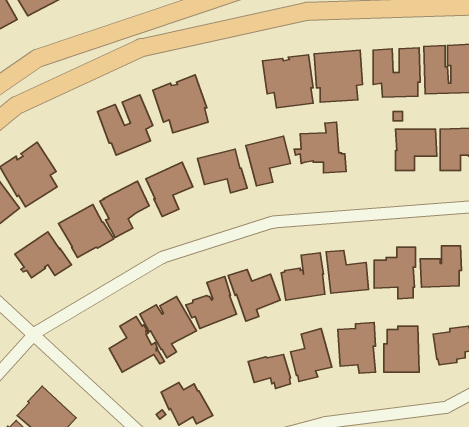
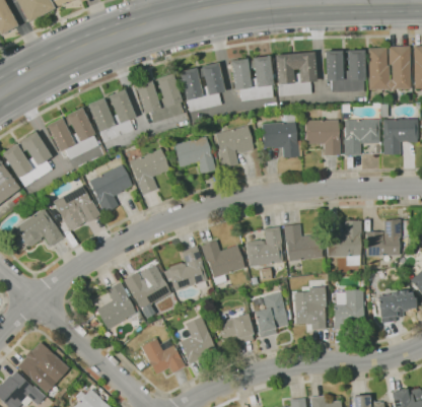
building: none -> [179,63,223,112]
building: none -> [46,108,98,159]
building: none -> [305,120,340,155]
building: none -> [181,316,215,363]

